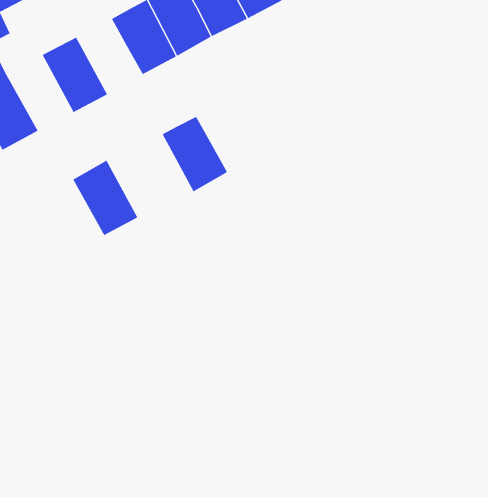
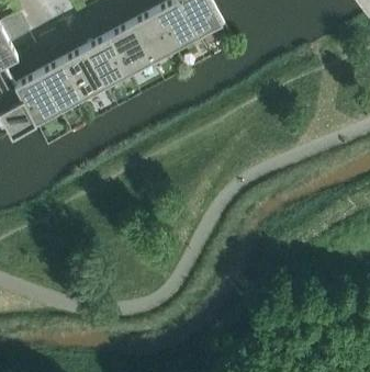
building: [162,116,228,192] -> [61,47,105,98]
building: [72,160,138,236] -> [15,71,59,122]

